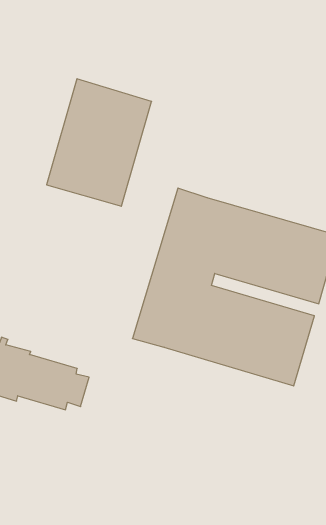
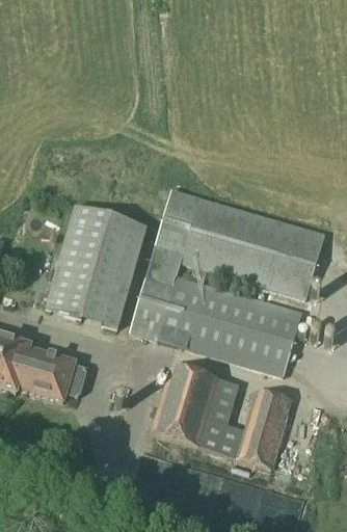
building: [47,79,152,206] -> [46,205,146,327]
building: none -> [150,364,293,468]

